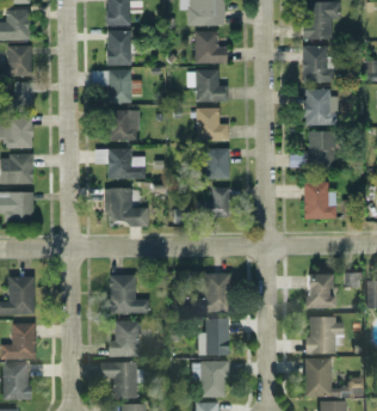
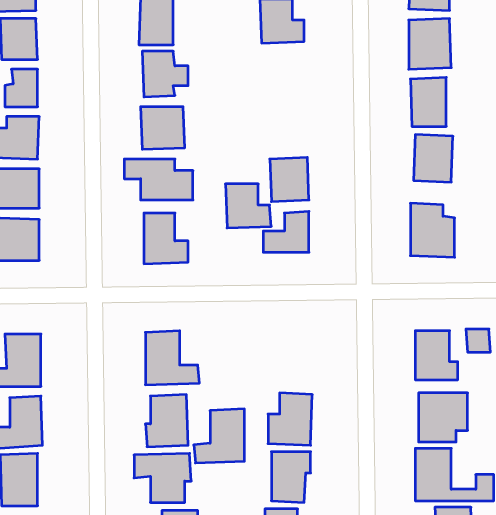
building: [186,69,225,102] -> none
building: [194,108,228,140] -> [225,184,271,228]
building: [192,272,229,312] -> [194,409,244,463]

